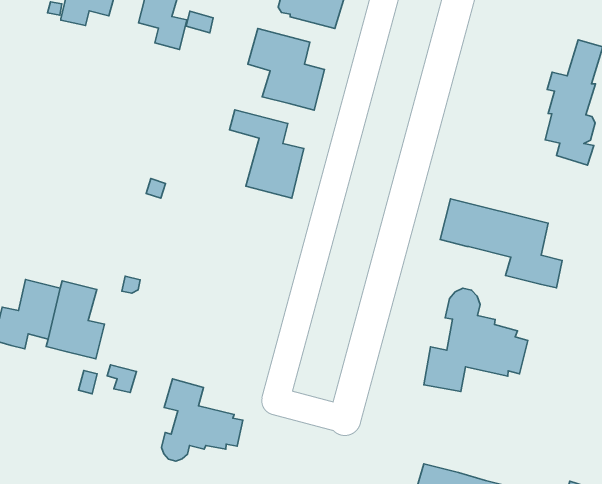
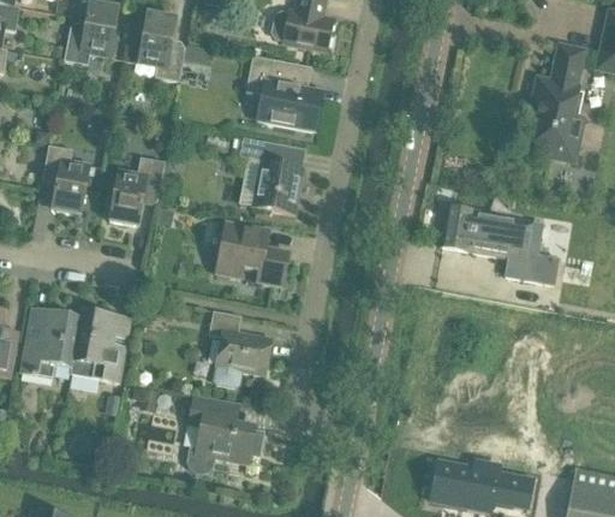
building: none -> [42,144,89,214]
building: none -> [108,156,165,224]
building: none -> [216,221,288,286]
building: [424,288,528,391] -> none
building: none -> [208,310,271,386]

